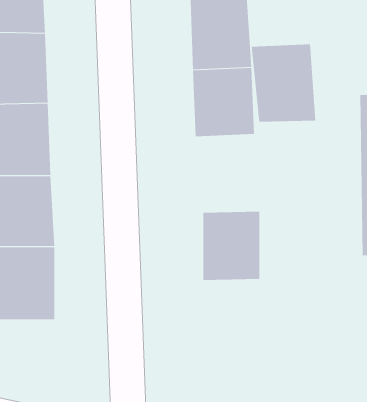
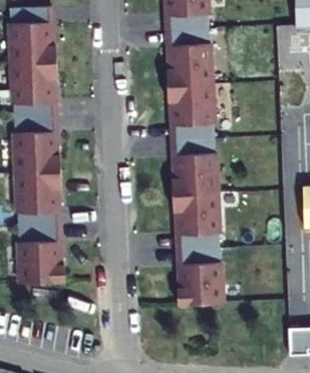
building: [251,44,316,122] -> [171,138,221,199]
building: none -> [177,250,224,300]

